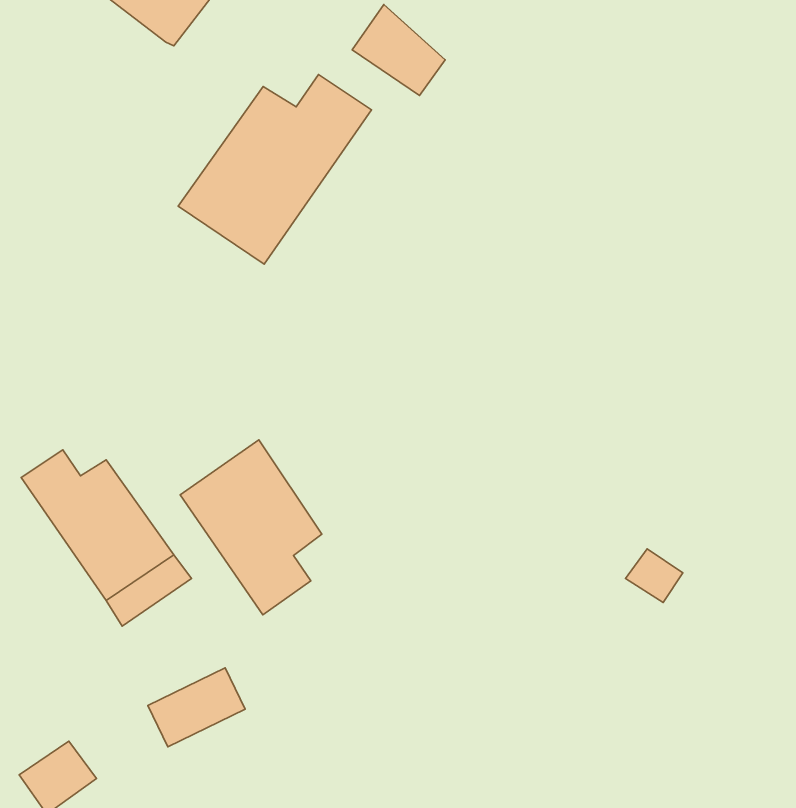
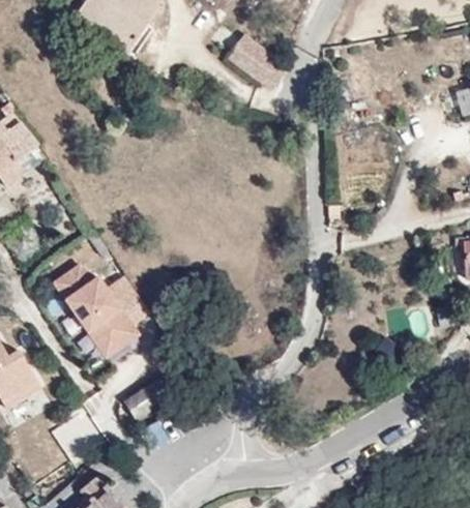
building: [178,74,372,264] -> none
building: [180,440,322,615] -> none

